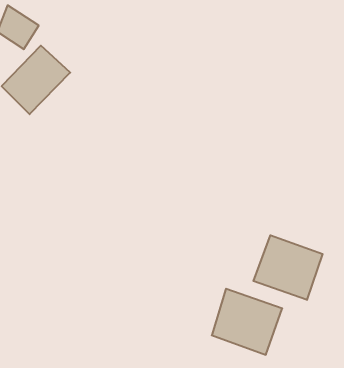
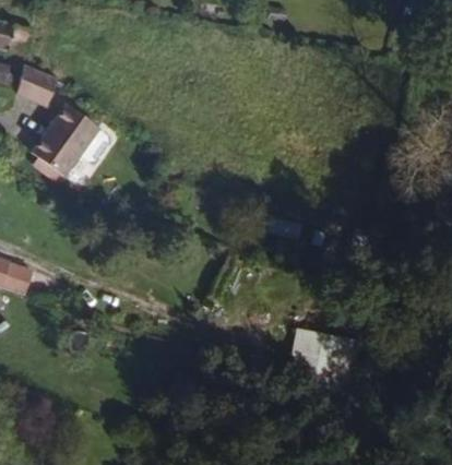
building: [253,235,323,300] -> none

